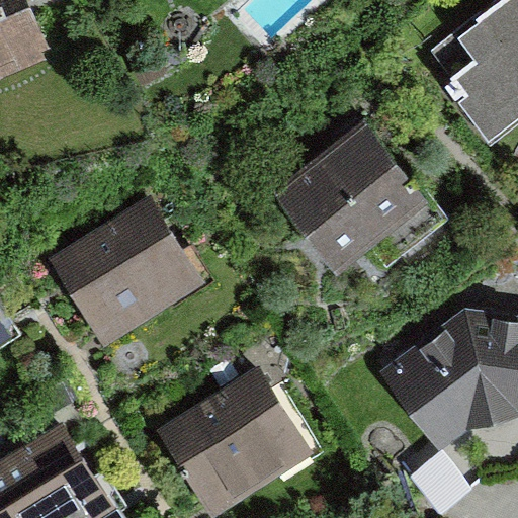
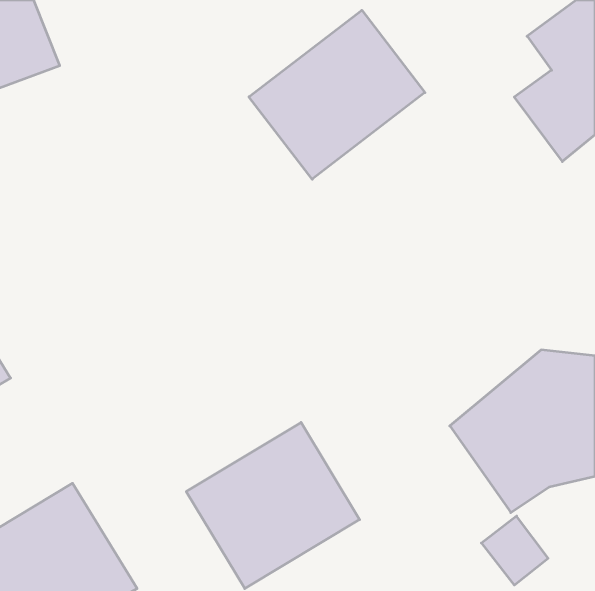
building: none -> [249,10,425,179]
building: [272,121,449,274] -> none
building: [51,197,201,340] -> none

